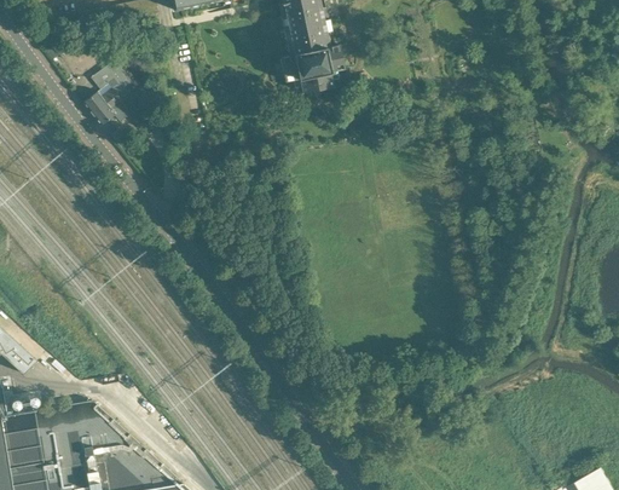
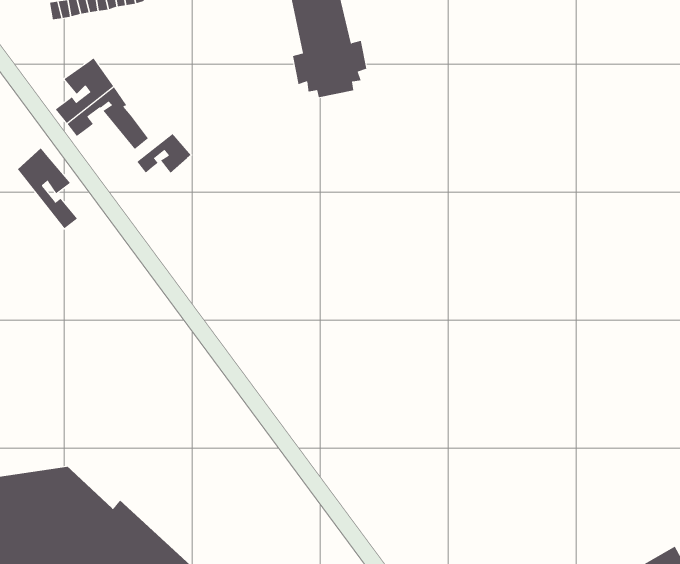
building: none -> [137,133,192,174]
building: none -> [17,147,78,229]

